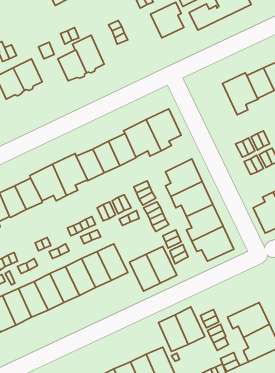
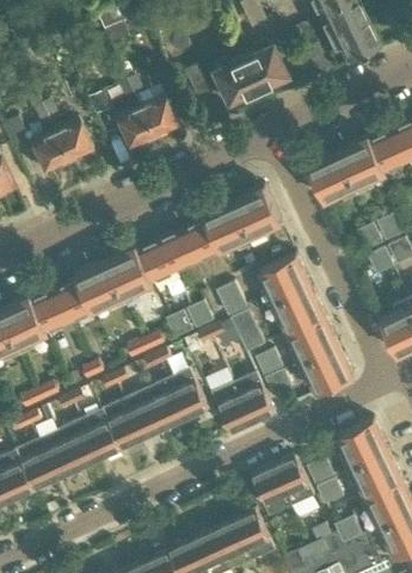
building: none -> [207,56,256,103]
building: none -> [307,150,358,202]
building: none -> [338,418,388,469]

